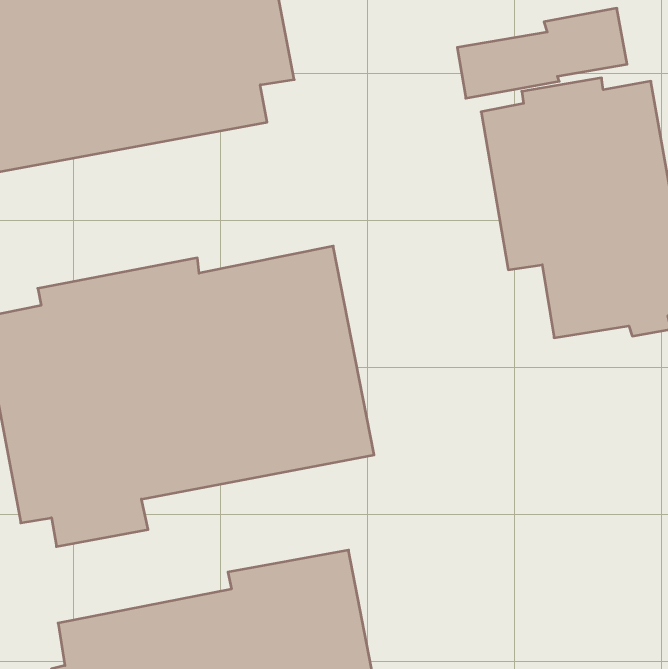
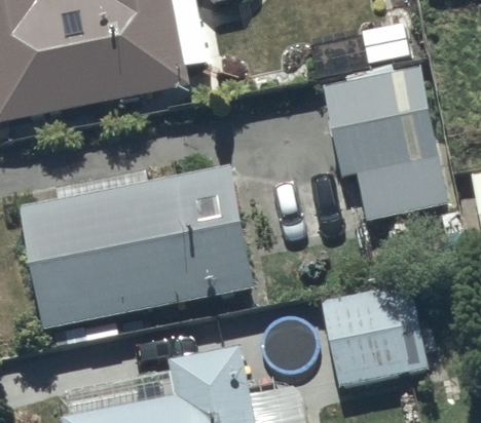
building: none -> [321,281,428,387]

